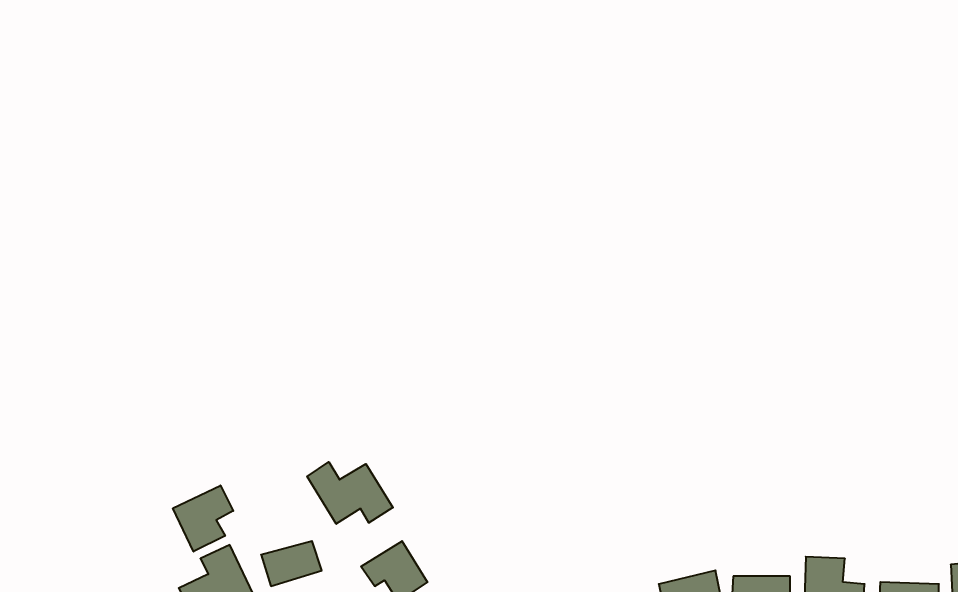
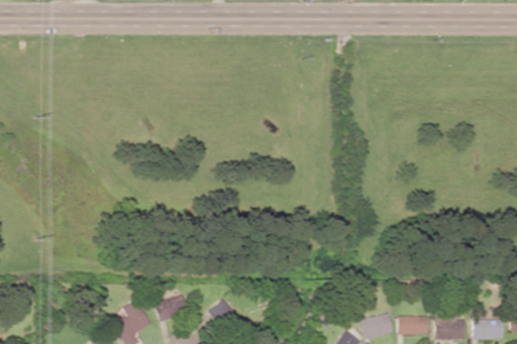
building: [307,462,393,524] -> none
building: [173,485,233,552] -> none

